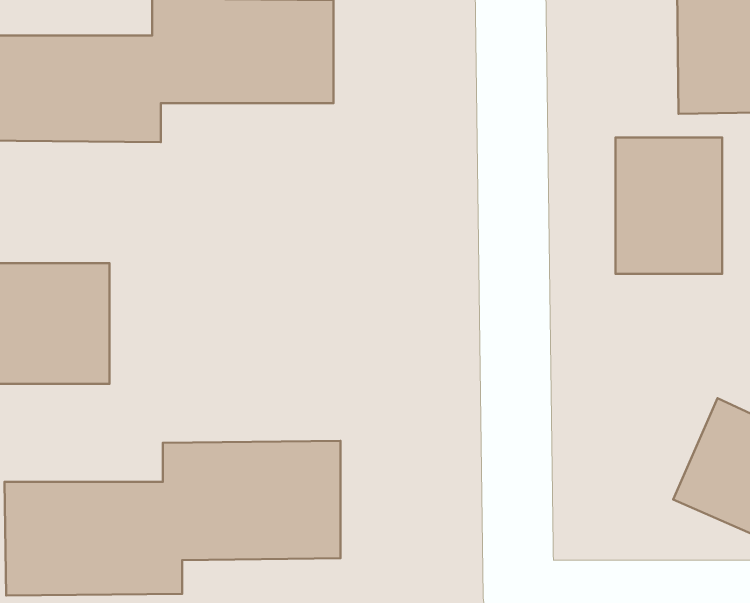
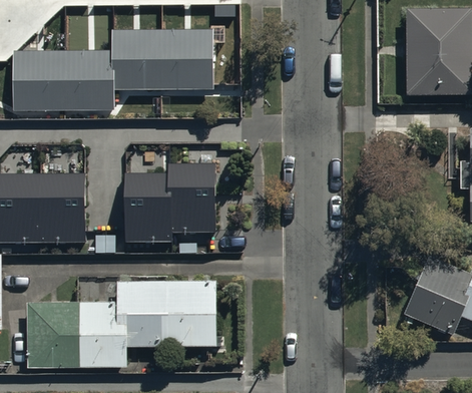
building: [615,137,722,274] -> none
building: none -> [124,166,216,247]

